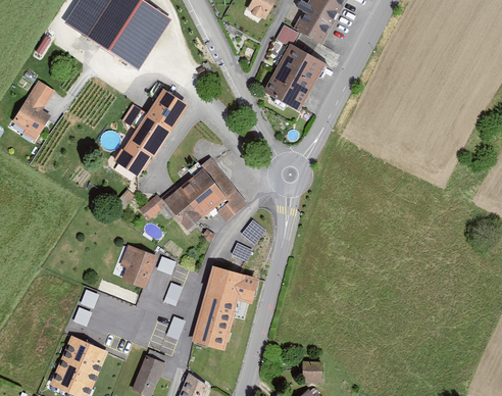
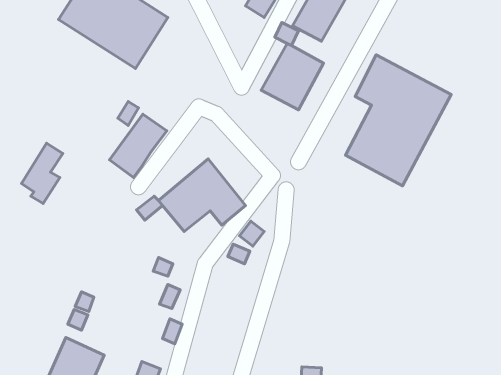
building: none -> [345,55,451,186]
building: [12,81,53,140] -> [21,143,63,203]
building: [146,89,187,131] -> none
building: [120,246,155,287] -> none
building: [191,266,258,350] -> none

